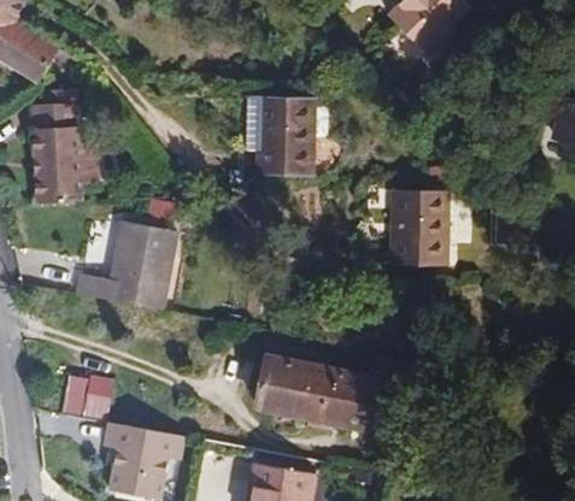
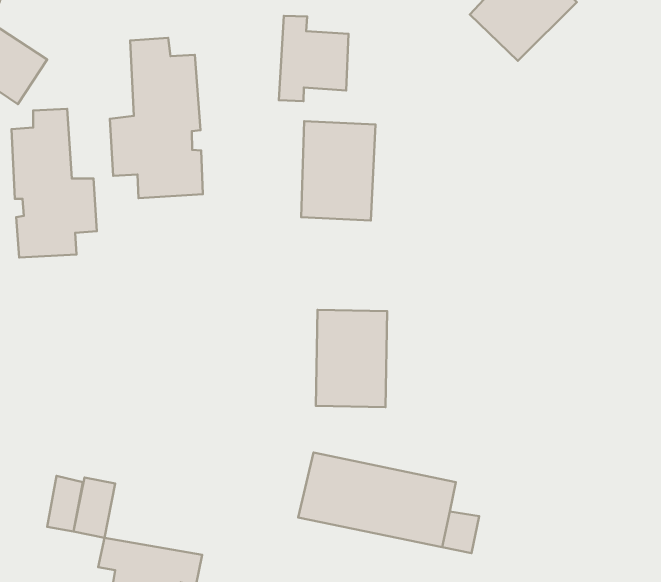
building: none -> [279,16,349,101]
building: none -> [110,38,203,198]
building: [392,189,447,265] -> [316,310,387,407]
building: [77,220,177,310] -> none

